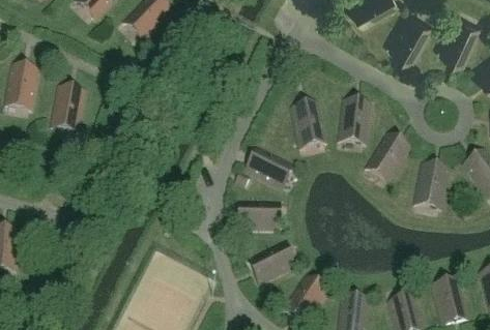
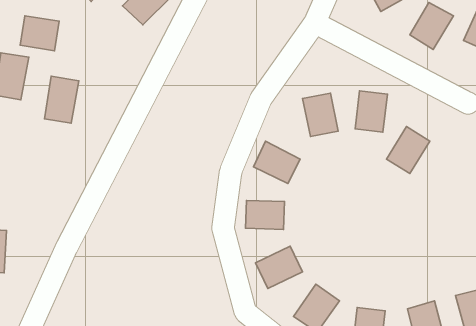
building: none -> [20,16,59,51]
building: [416,164,449,204] -> none

